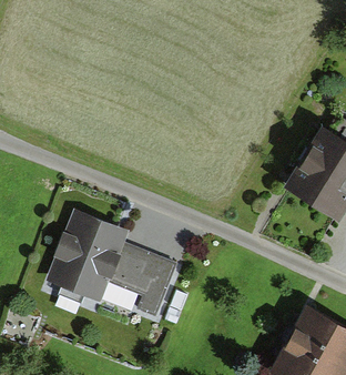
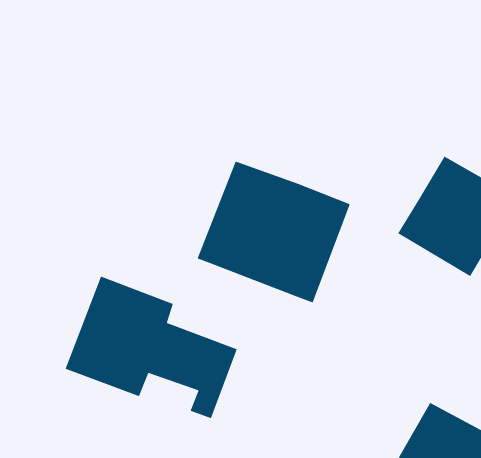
building: none -> [196,161,351,303]

